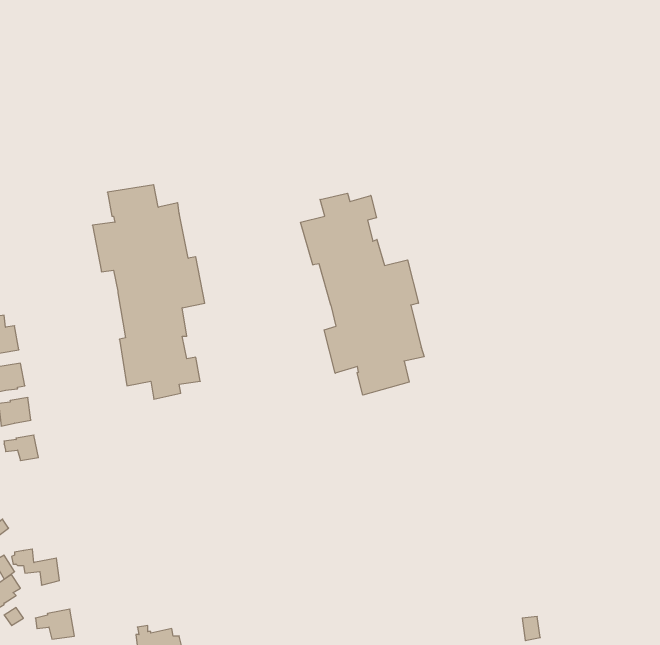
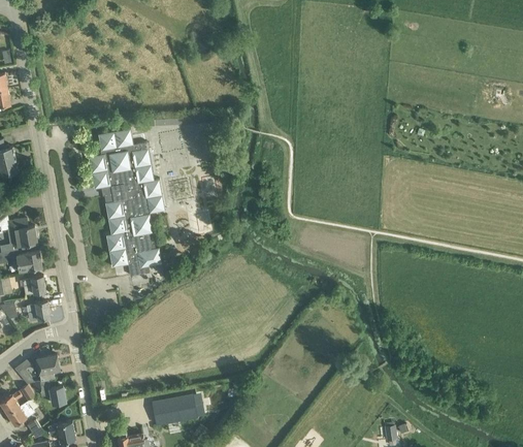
building: [301,193,424,395] -> none
building: none -> [35,355,59,381]
building: none -> [151,393,196,425]

